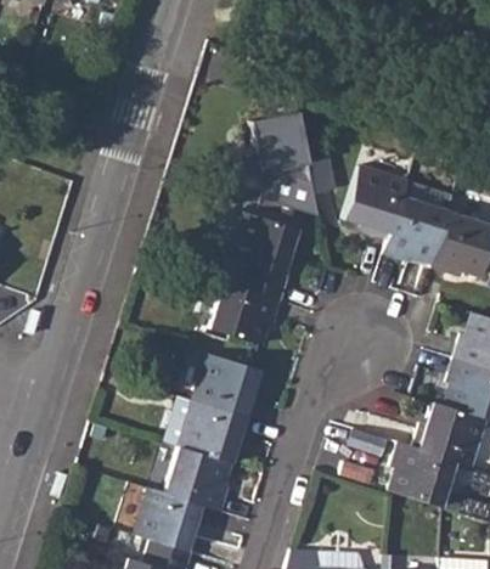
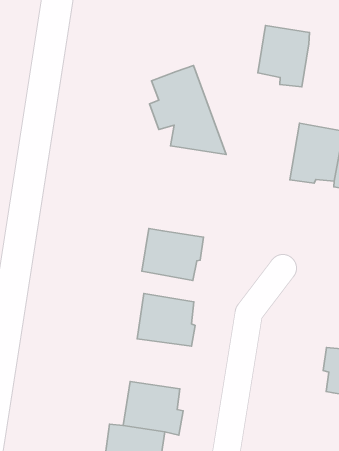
building: [343,167,405,238] -> [258,25,309,87]
building: [232,210,299,300] -> none
building: [179,399,250,460] -> none

